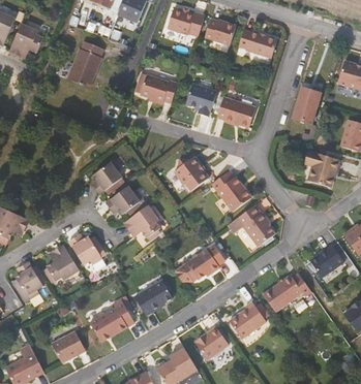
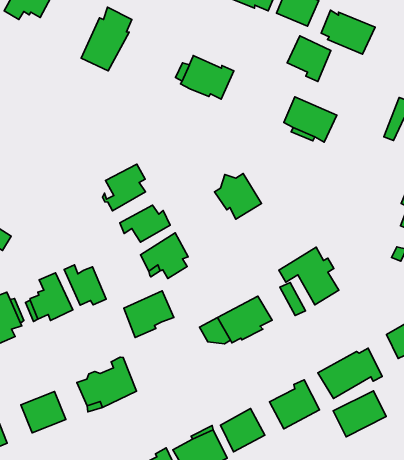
building: [187,83,218,115] -> [287,36,331,82]
building: [212,170,250,211] -> none
building: [134,279,172,315] -> [124,291,174,338]
building: none -> [333,391,386,437]

